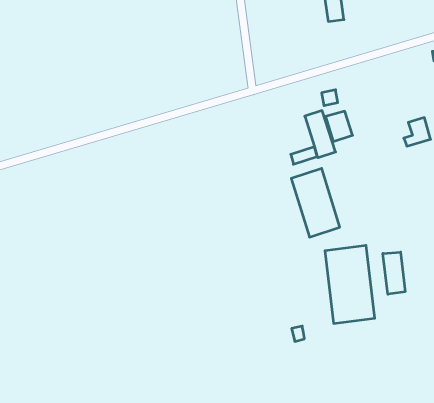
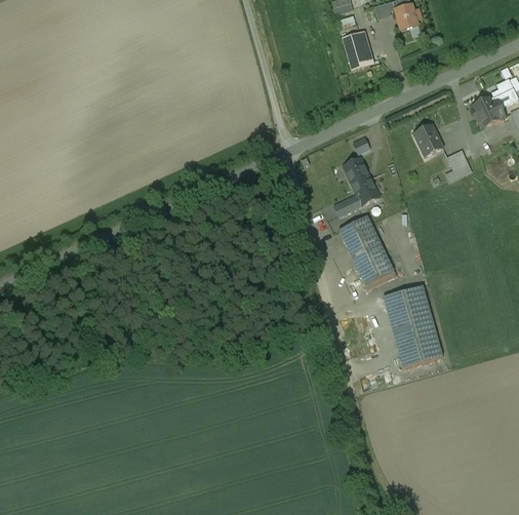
building: [325,111,353,142] -> [413,124,443,156]
building: [383,252,405,294] -> none

